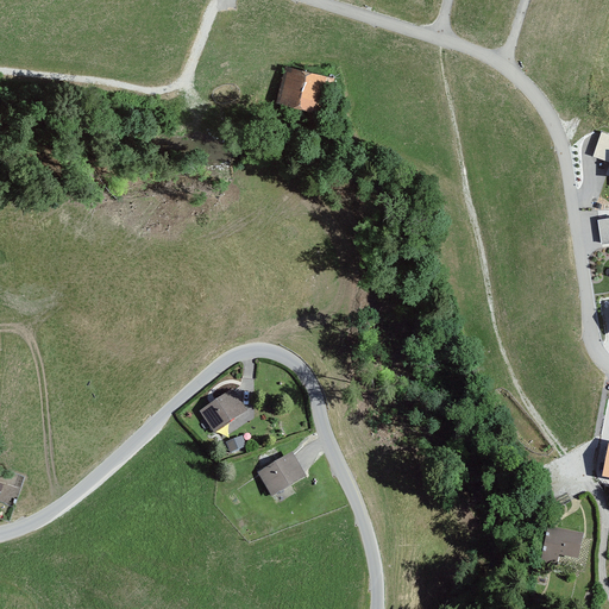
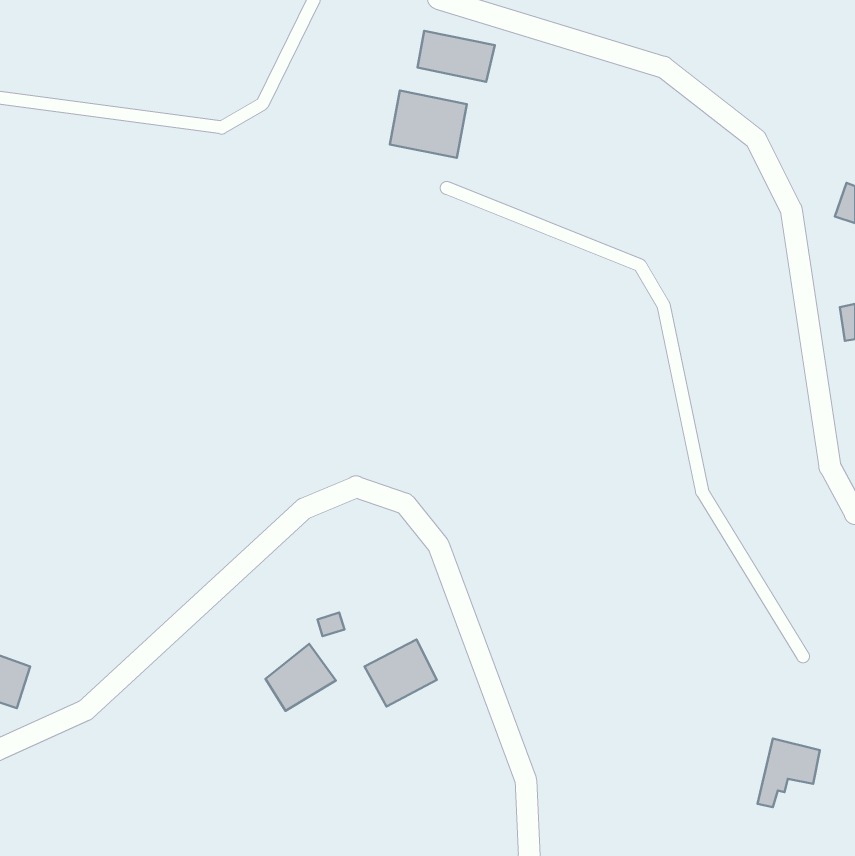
building: none -> [418,31,495,82]
building: [202,387,252,434] -> [265,644,336,711]

